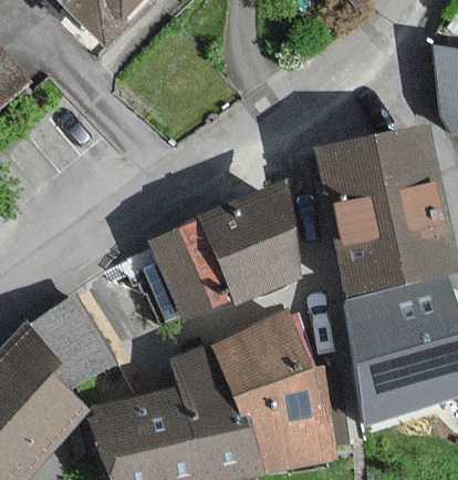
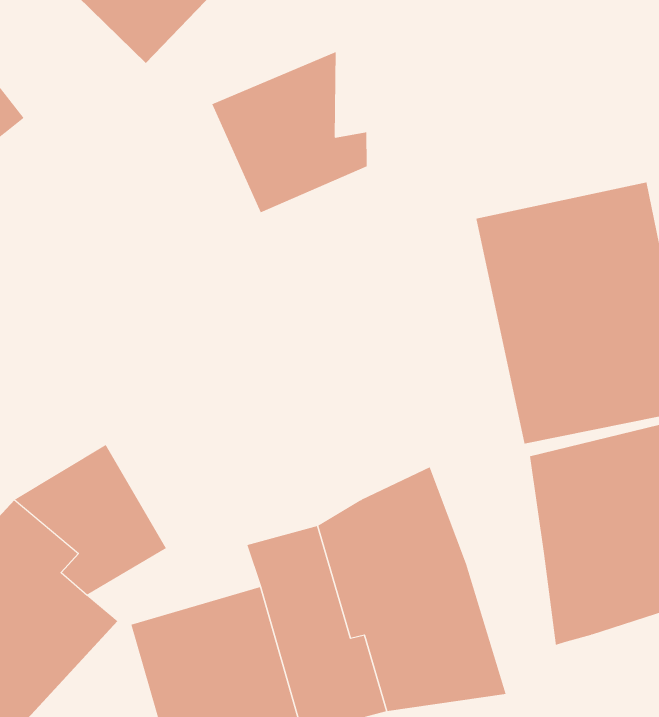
building: none -> [212,51,367,213]
building: [134,184,295,321] -> none

